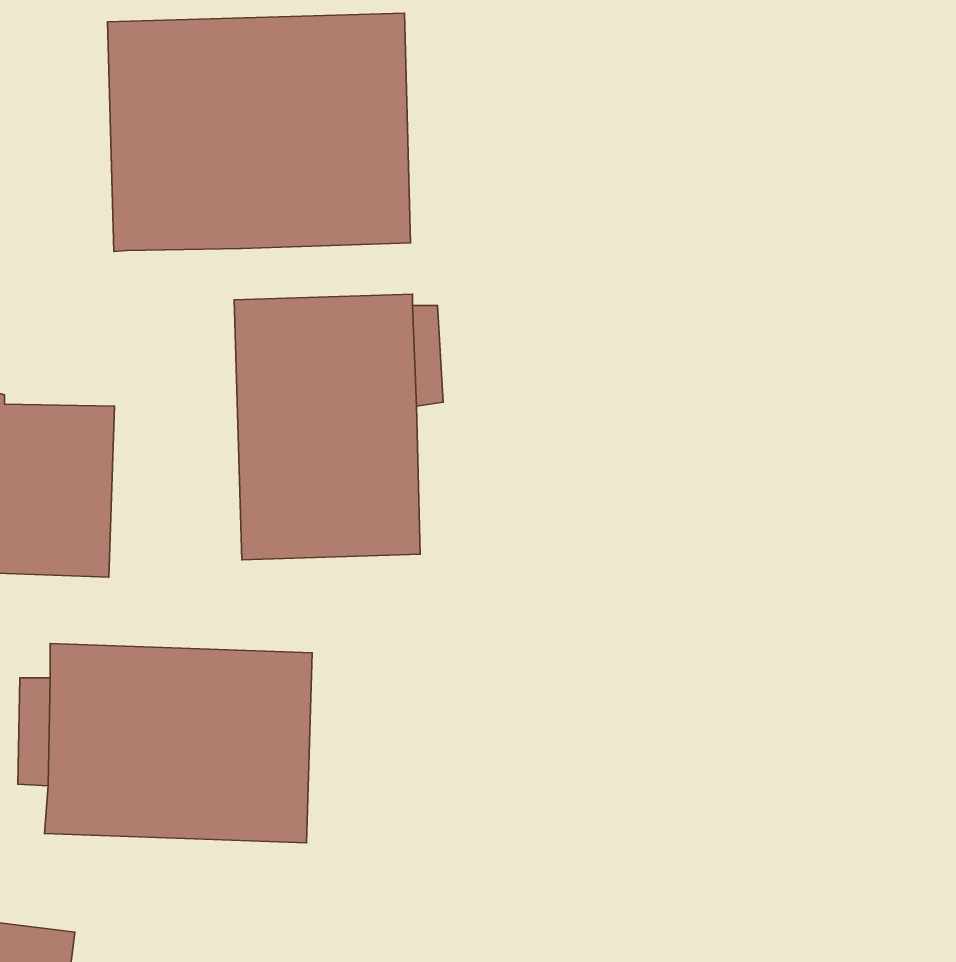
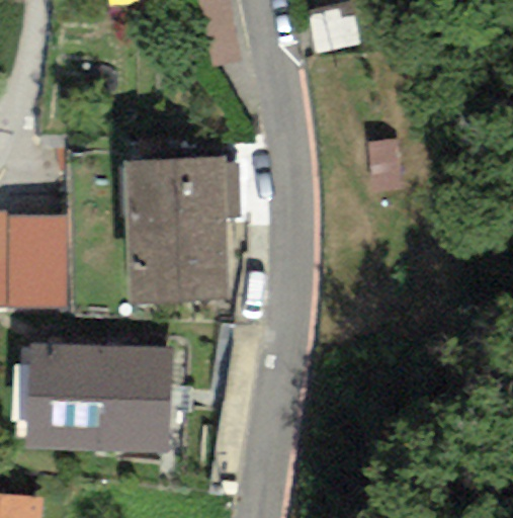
building: [108,13,411,251] -> none

